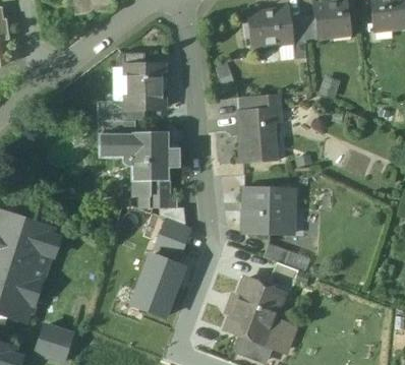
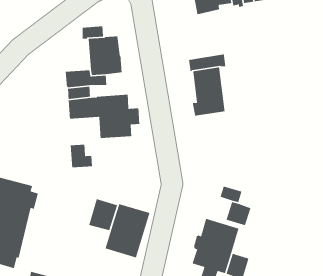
building: [151,181,176,207] -> [70,144,94,168]
building: [243,187,295,235] -> none
building: [155,219,190,257] -> [88,198,118,231]

